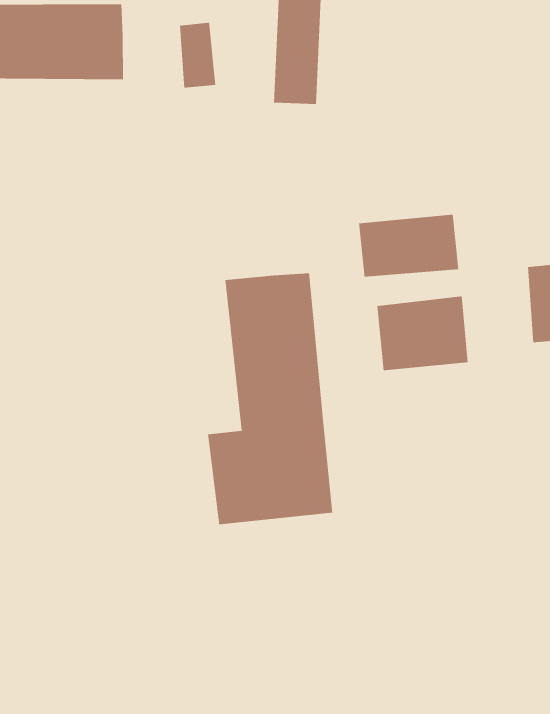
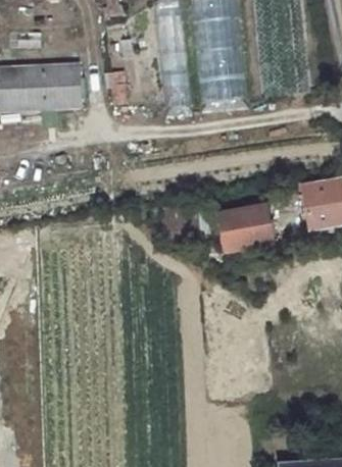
building: [359,214,459,278] -> none
building: [208,273,333,525] -> none

